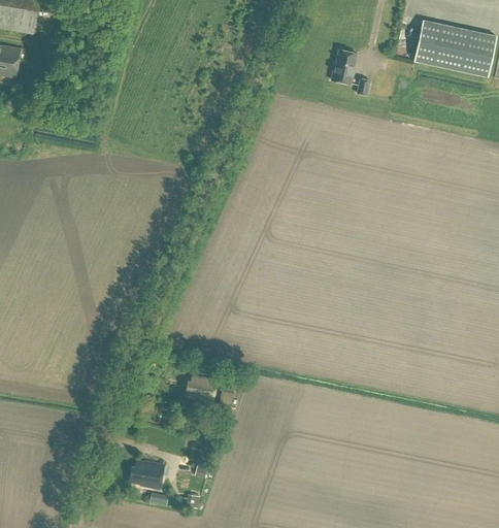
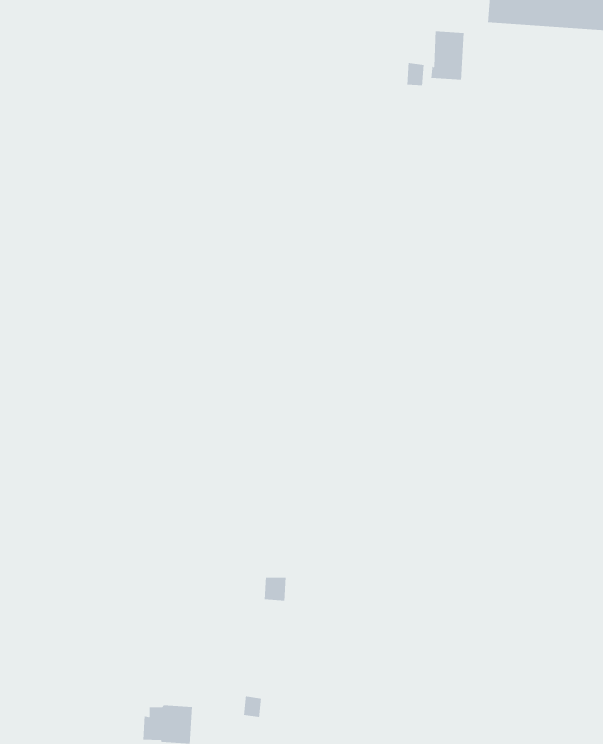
building: [331,48,357,82] -> [430,30,464,80]
building: [185,373,218,402] -> none

